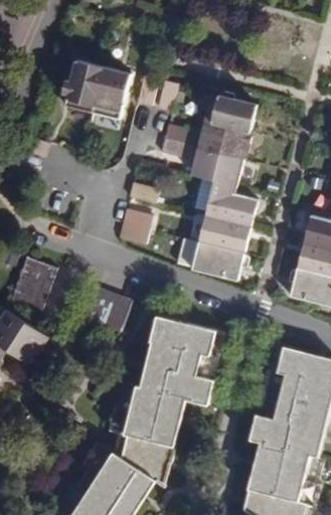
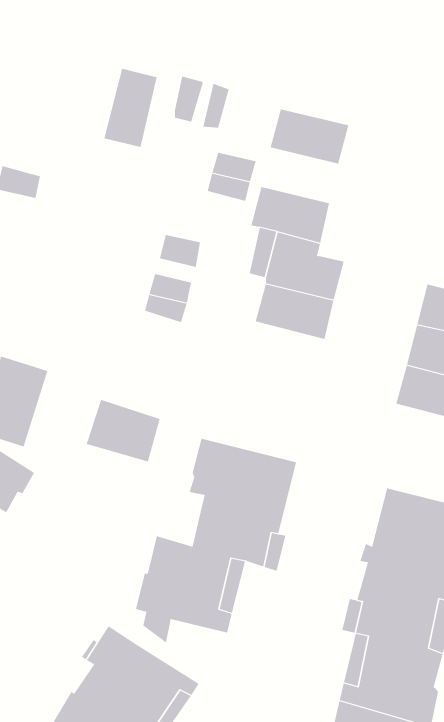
building: [60,60,104,114] -> none
building: [197,120,250,157] -> none
building: [186,236,240,277] -> none
building: [115,437,175,485] -> none

